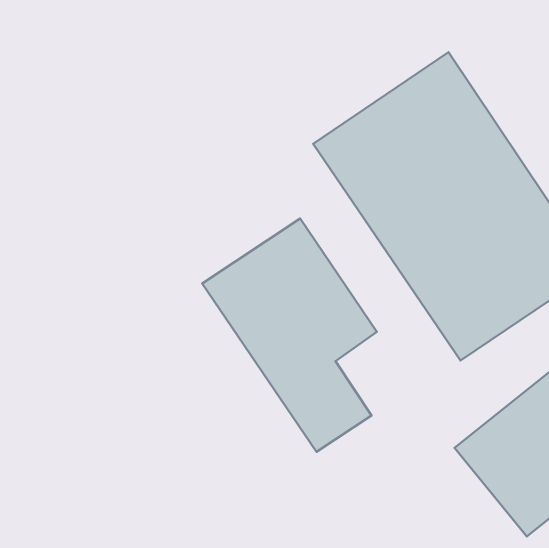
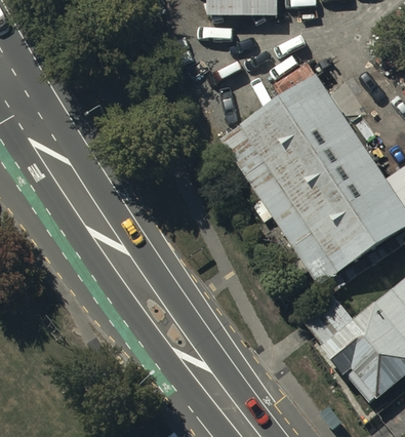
building: [202,218,377,452] -> none

